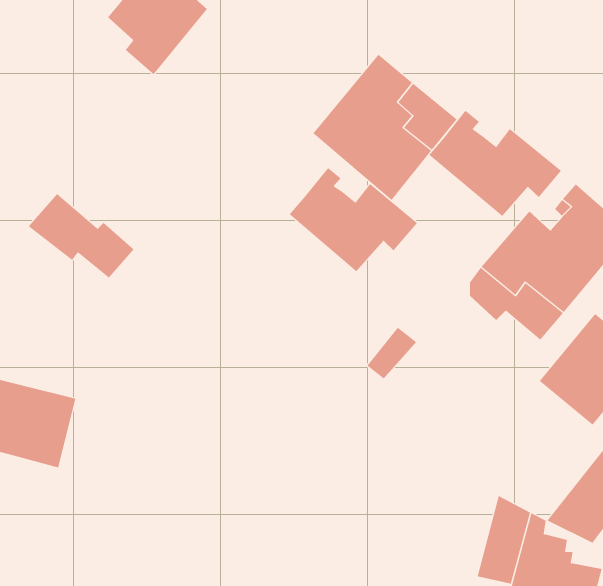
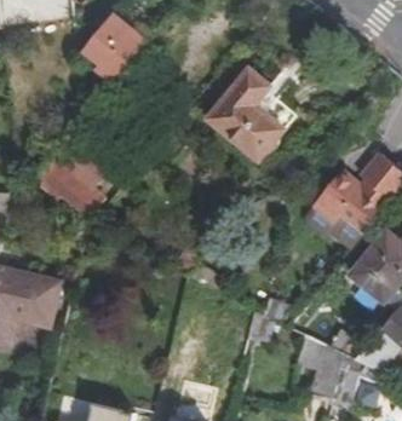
building: [429,110,562,217] -> none
building: [289,167,418,272] -> none

